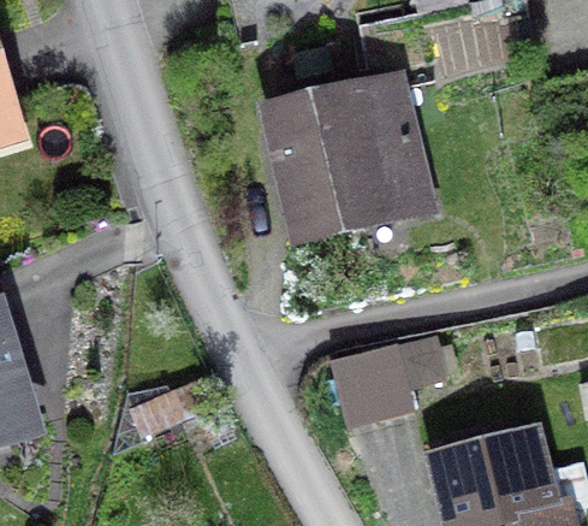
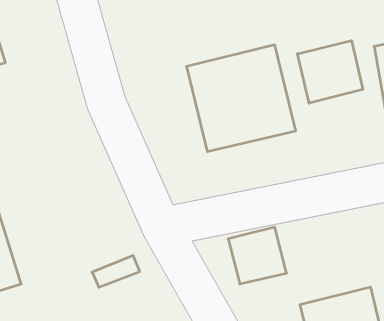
building: none -> [297,41,363,103]

